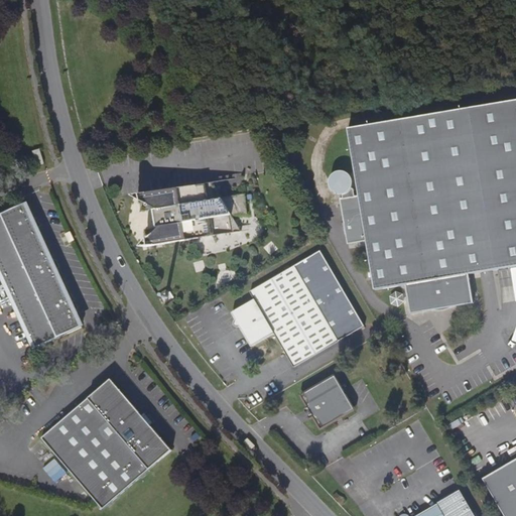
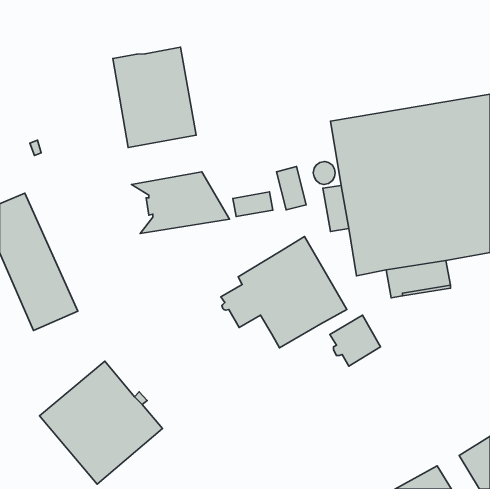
building: none -> [113,47,196,147]
building: none -> [277,167,306,210]
building: none -> [233,192,273,217]
building: [300,374,354,427] -> [330,315,381,366]

